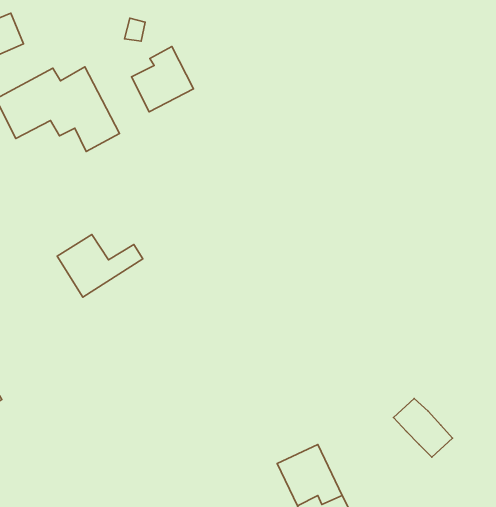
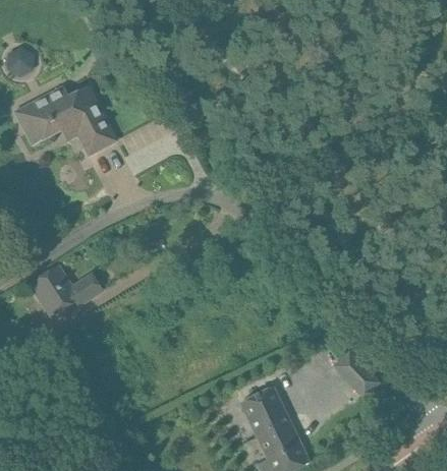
building: [131,47,194,112] -> none
building: [57,234,143,297] -> [31,267,99,316]

